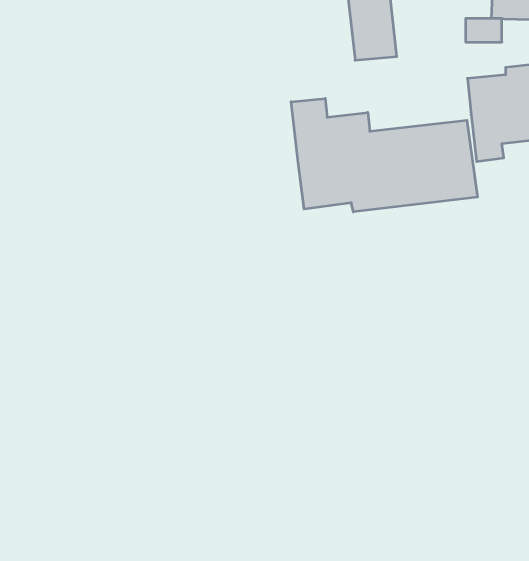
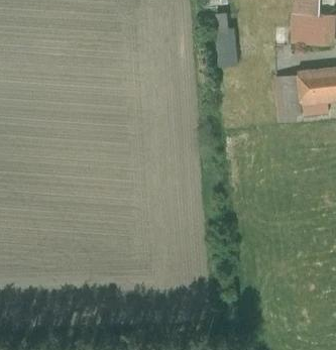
building: [291,98,477,212] -> none

